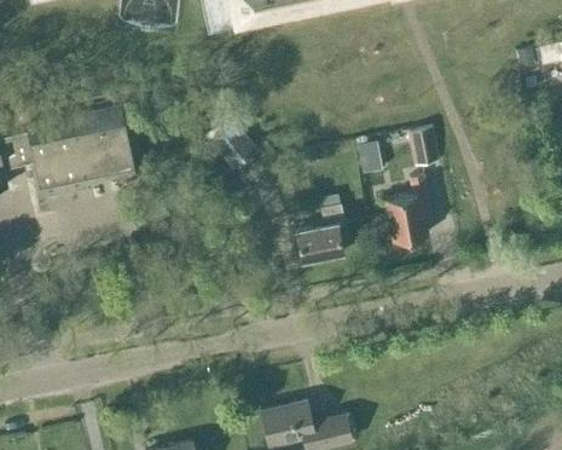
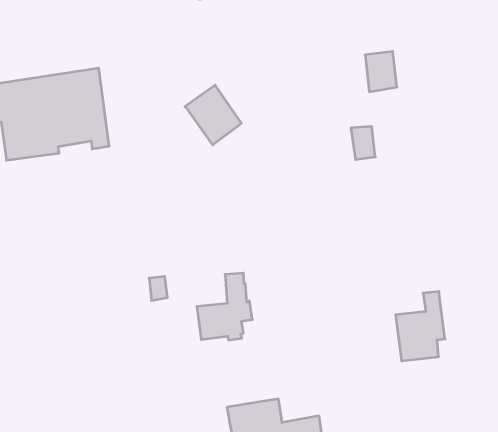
building: [406,125,438,163] -> [365,51,397,92]
building: [383,174,430,241] -> [396,291,445,361]
building: [295,194,347,258] -> [197,273,252,340]

